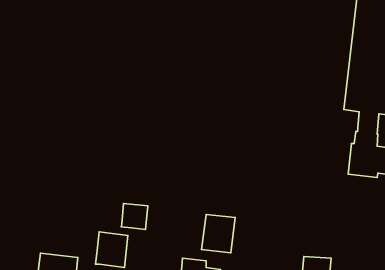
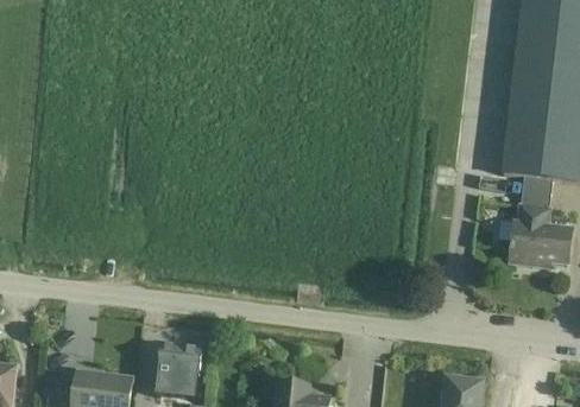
building: [121,203,148,229] -> none
building: [202,215,235,253] -> none

